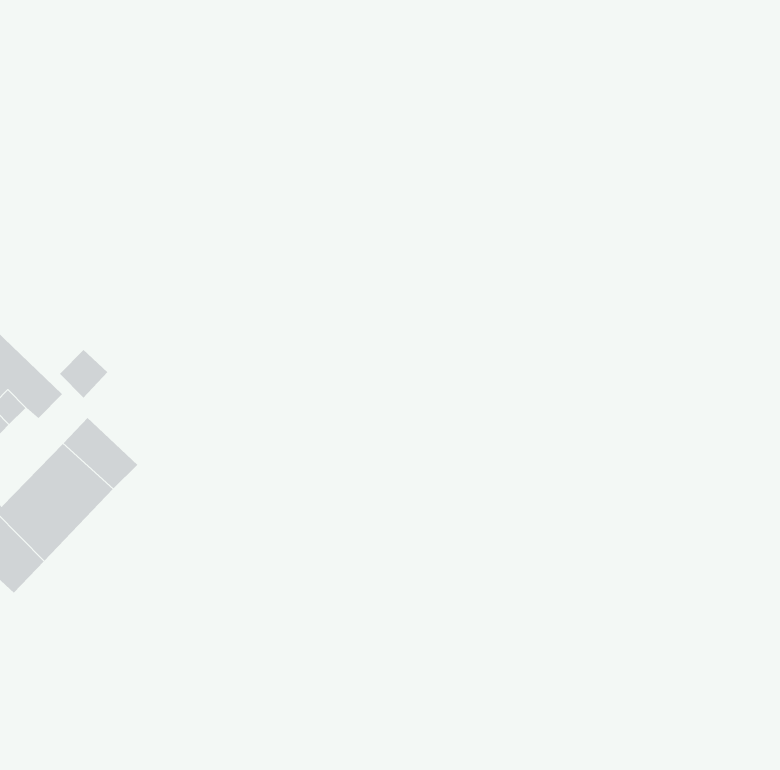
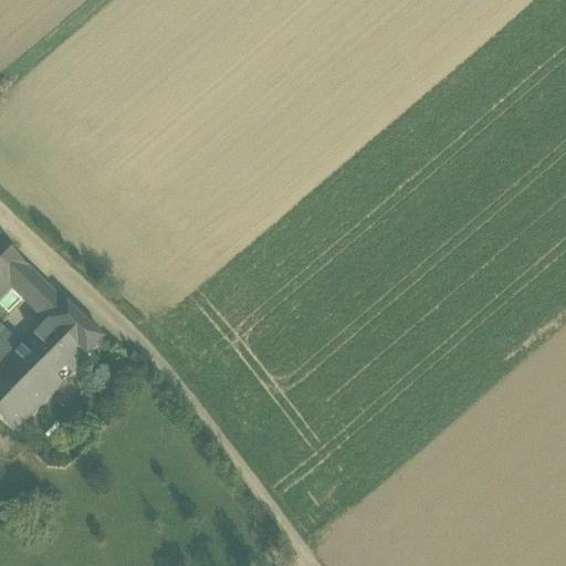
building: [59,349,108,398] -> [28,284,63,319]

